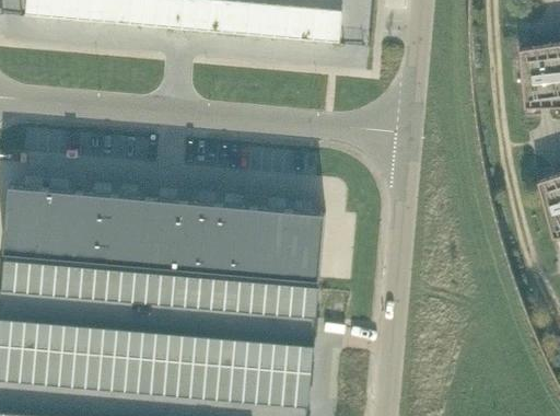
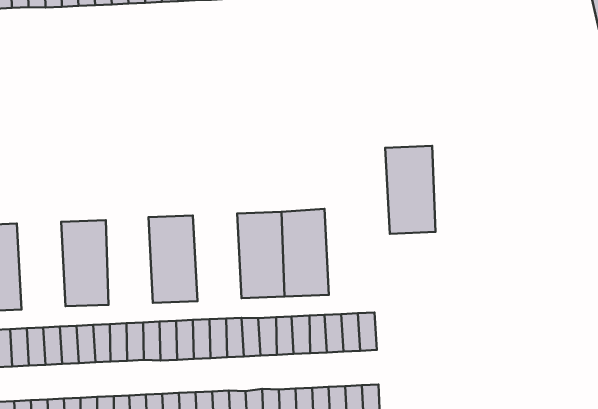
building: [39,186,80,256] -> none
building: [108,193,149,263] -> none
building: [178,198,219,268] -> none
building: [282,207,325,278] -> [385,146,435,234]

